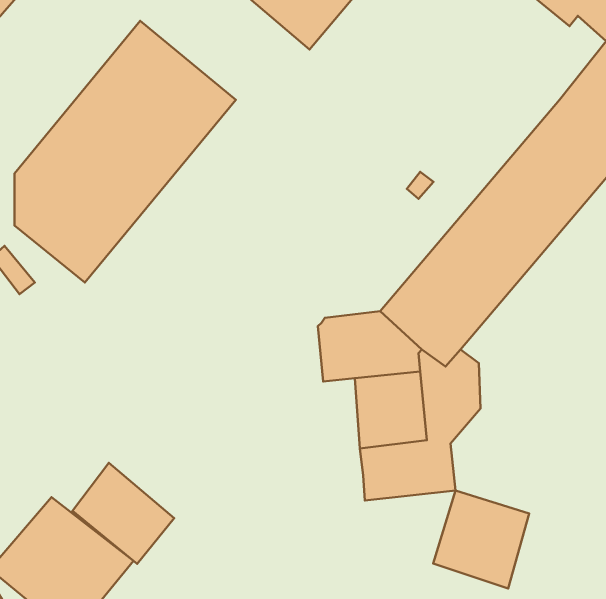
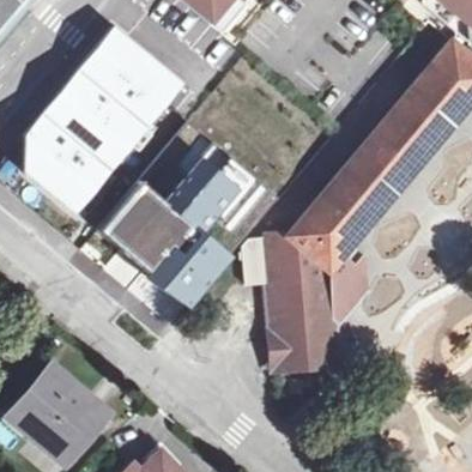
building: none -> [101,132,254,305]
building: [73,463,174,564] -> none
building: [433,491,529,589] -> none

